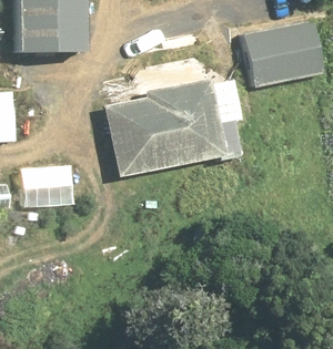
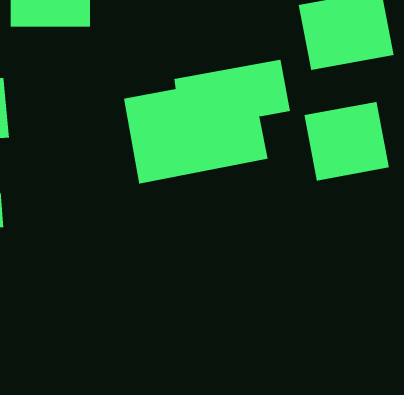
building: none -> [304,101,390,181]
building: [23,163,73,206] -> none

